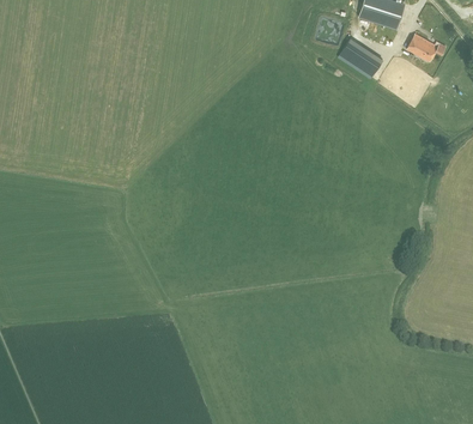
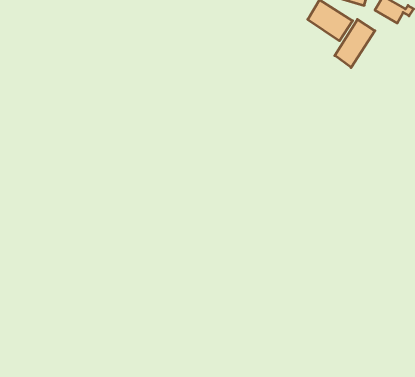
building: none -> [335,19,375,68]

